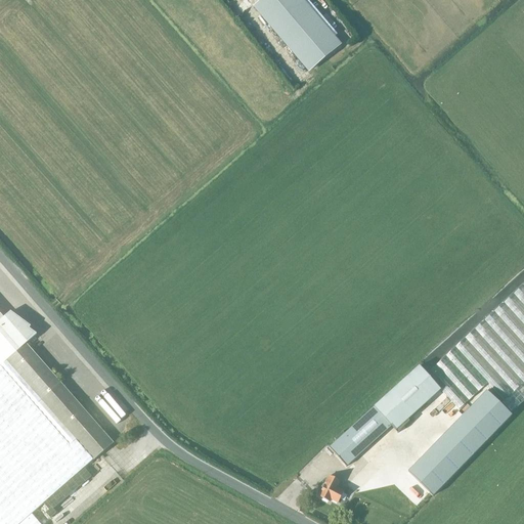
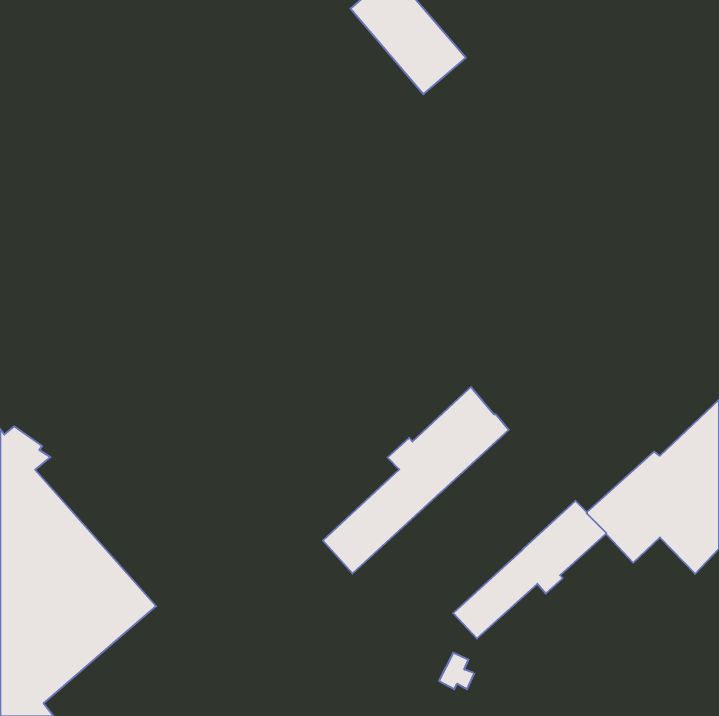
building: none -> [323,387,509,574]
building: [395,399,500,499] -> none

